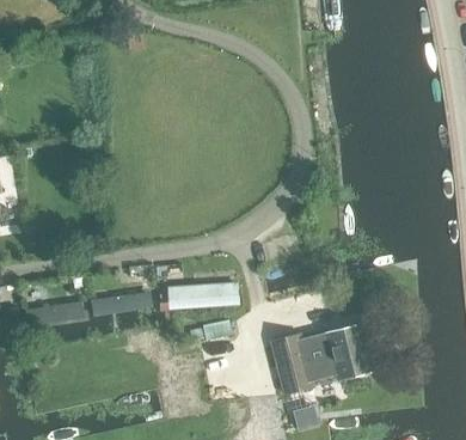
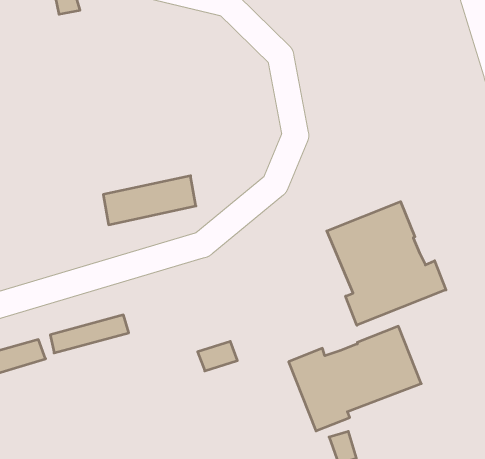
building: none -> [327,202,446,325]
building: [168,281,239,311] -> [103,176,196,225]

